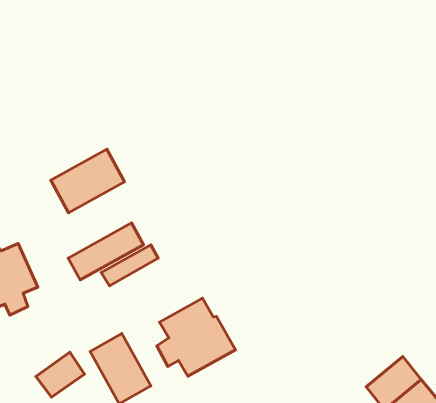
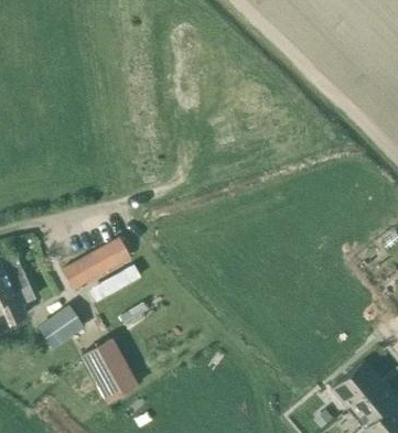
building: [51,149,125,213] -> none
building: [157,298,236,376] -> none
building: [36,352,85,397] -> [40,306,84,347]

